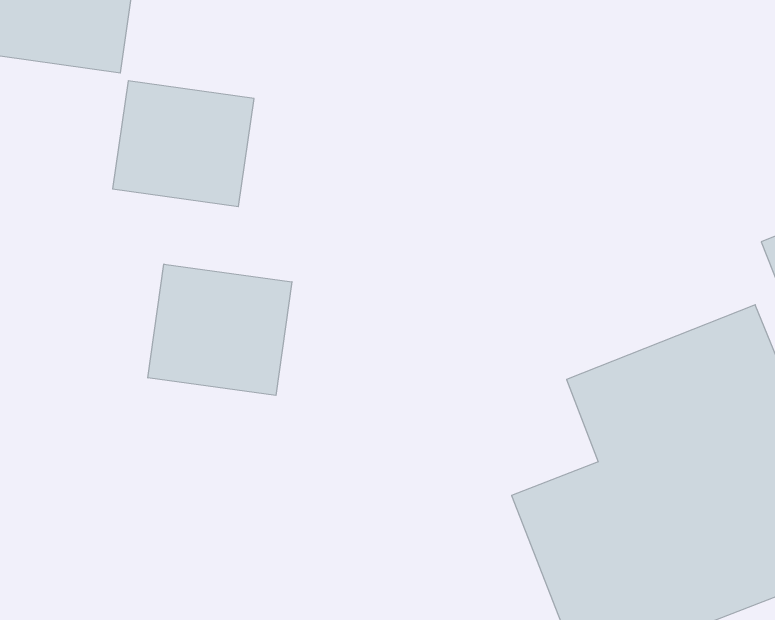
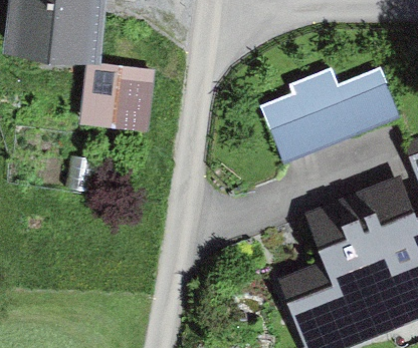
building: none -> [261,65,404,165]
building: [148,264,292,395] -> none

